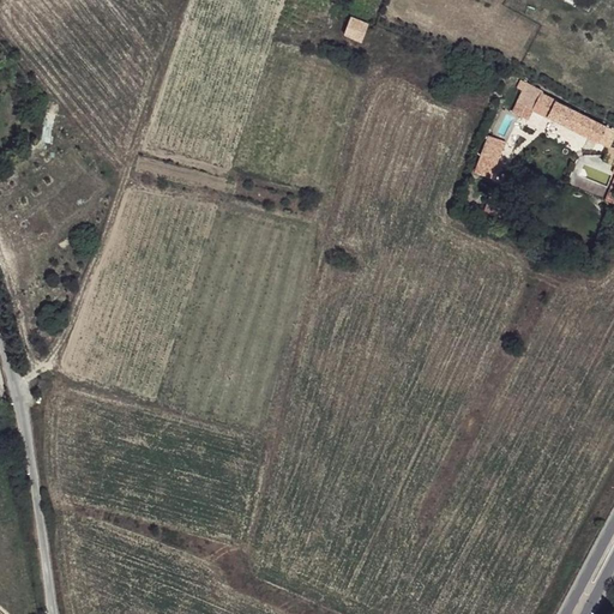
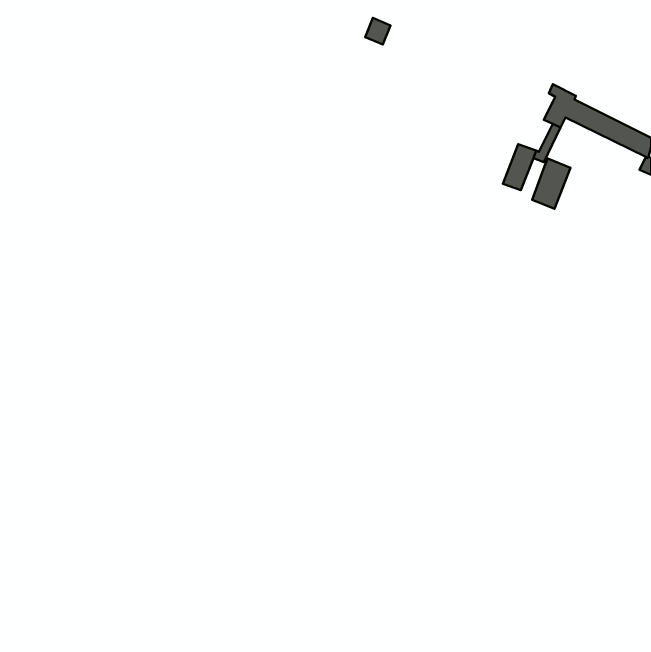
building: none -> [532,159,570,209]

